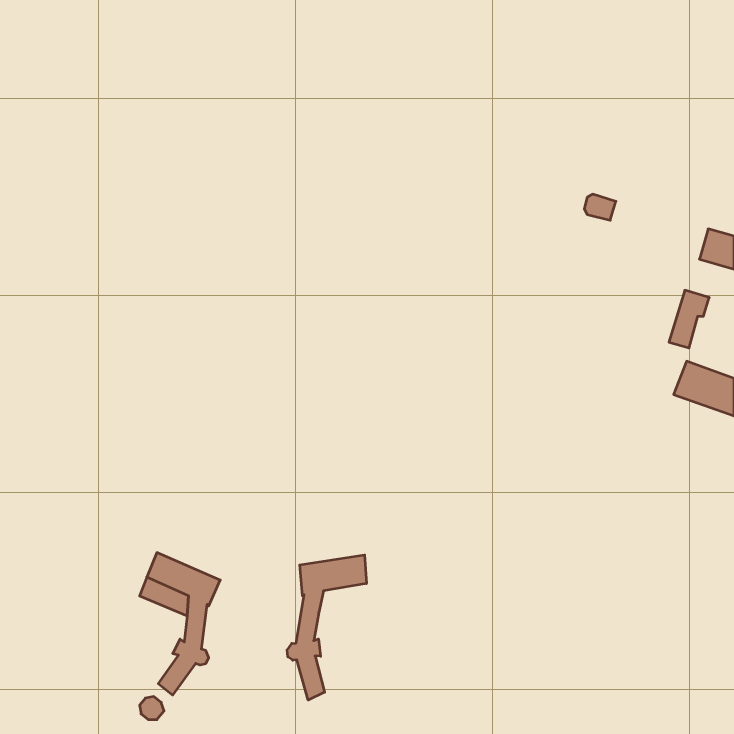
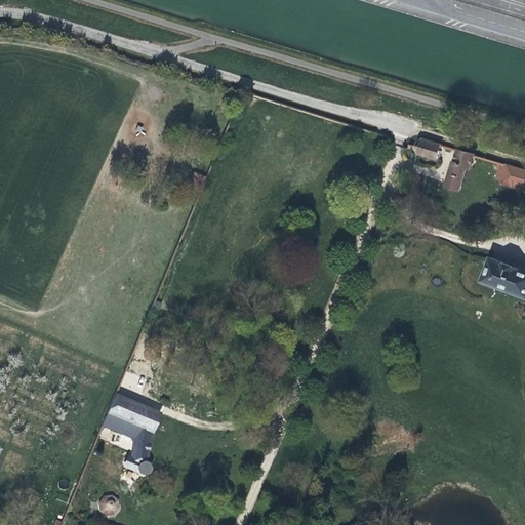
building: [669,290,709,348] -> [446,149,475,190]
building: [287,555,366,700] -> none

